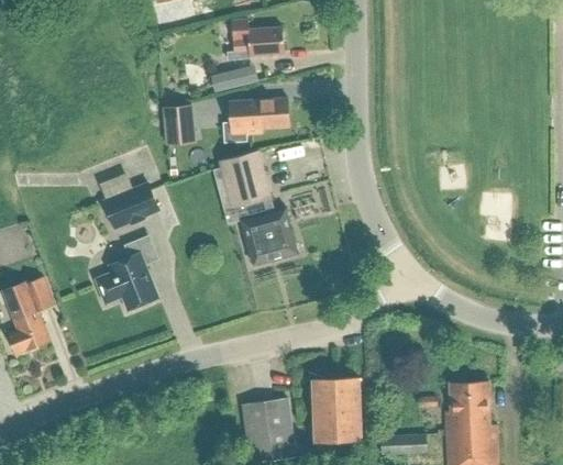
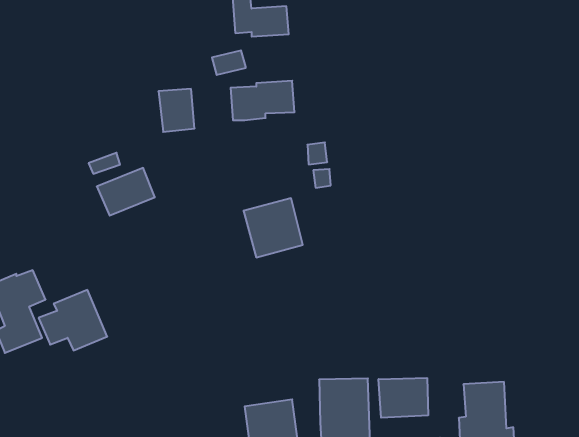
building: [218,152,268,208] -> none
building: [93,251,158,308] -> [39,290,107,350]
building: none -> [379,378,428,418]

